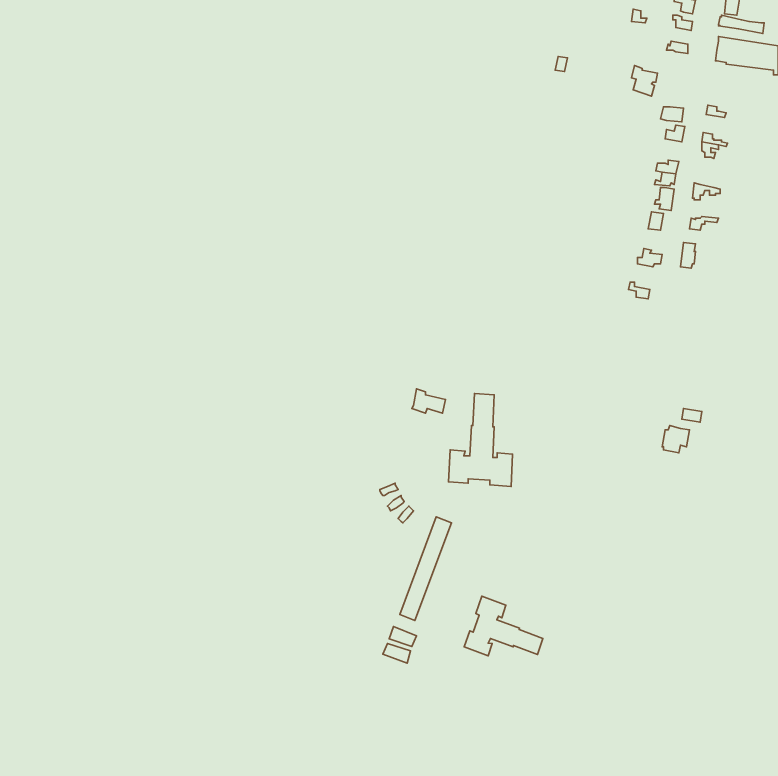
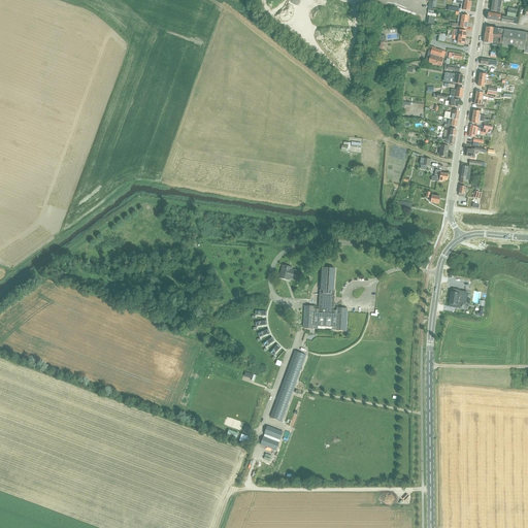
building: [464,596,543,656] -> none

